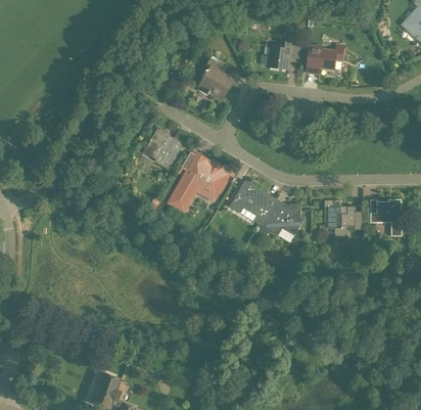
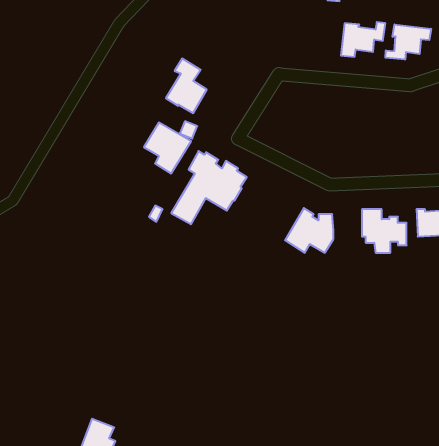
building: [268,41,299,69] -> none
building: none -> [385,24,431,60]
building: [198,55,232,100] -> [166,59,207,113]
building: [229,180,276,225] -> none

